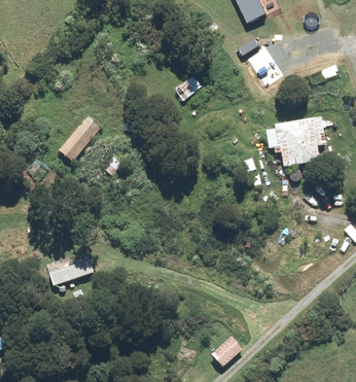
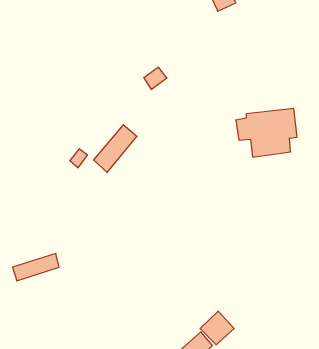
building: [59,115,101,162] -> [93,125,137,173]
building: none -> [200,311,234,345]

